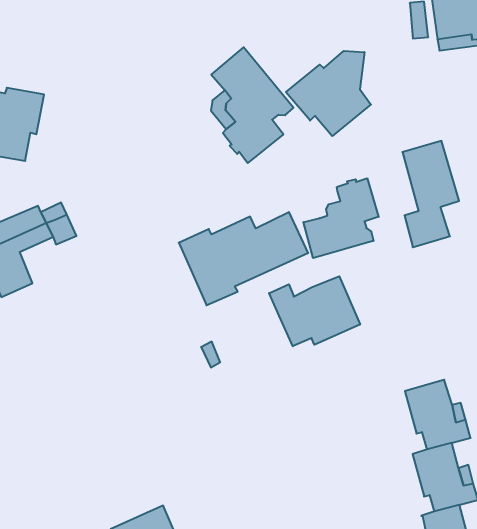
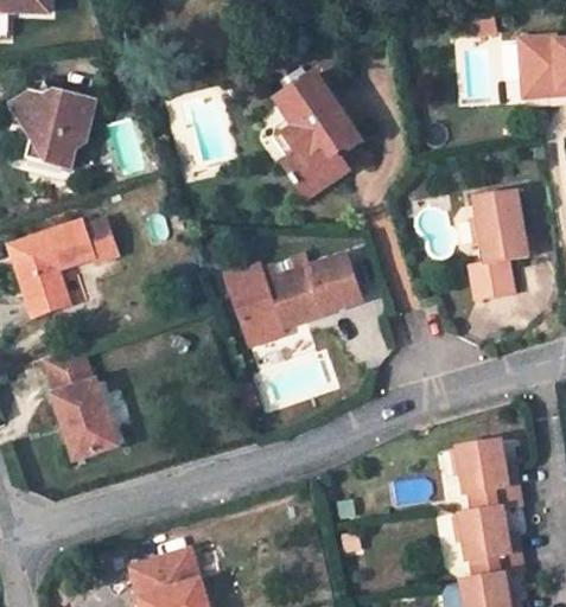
building: [286,51,371,136] -> none
building: [303,178,379,258] -> none
building: [269,276,360,346] -> none
building: none -> [43,344,116,459]

